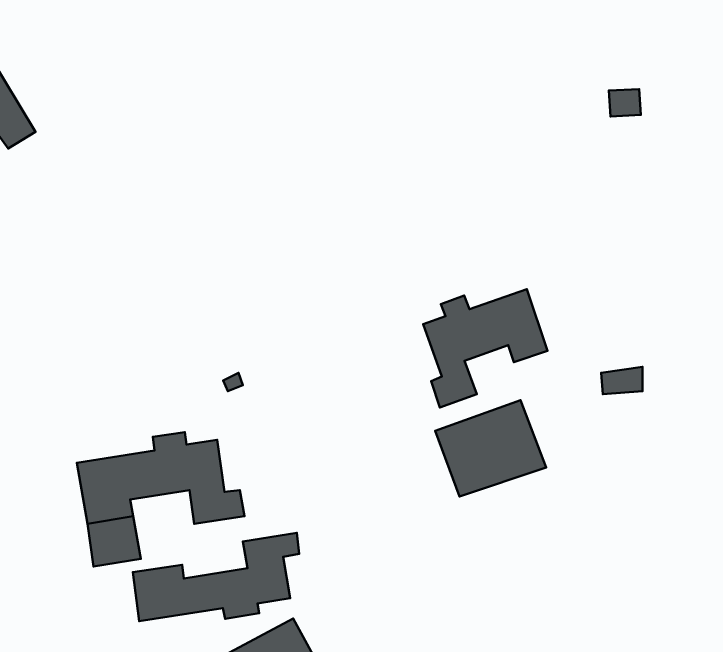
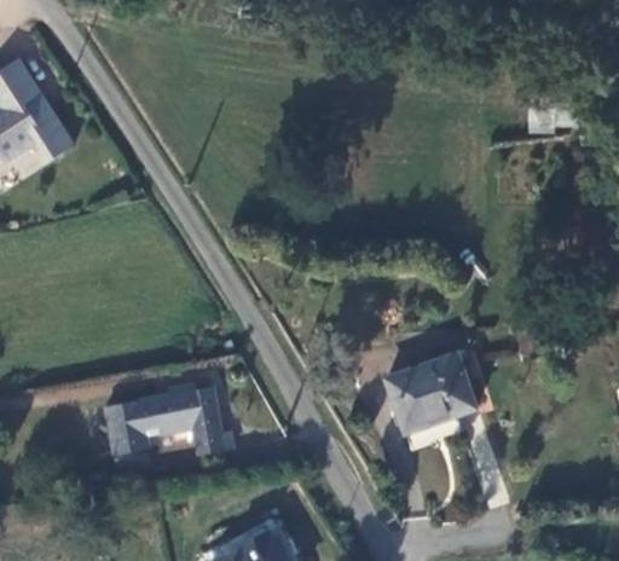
building: [423,289,548,407] -> none
building: [133,533,299,621] -> none

